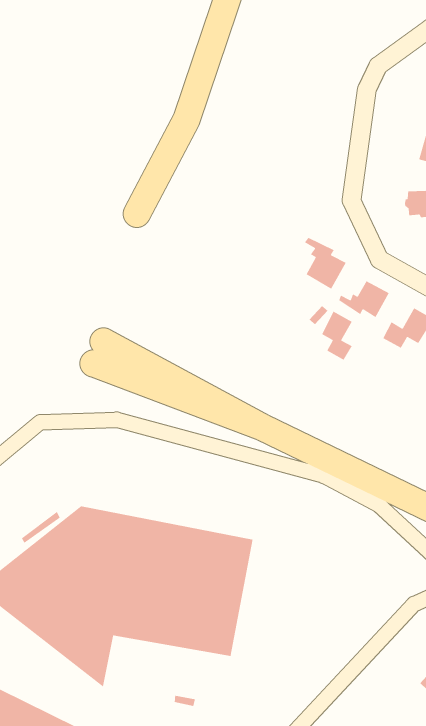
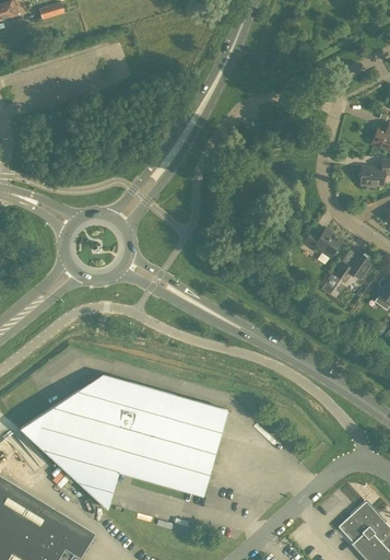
building: [304,237,347,290] -> none
building: [321,311,353,361] -> none

